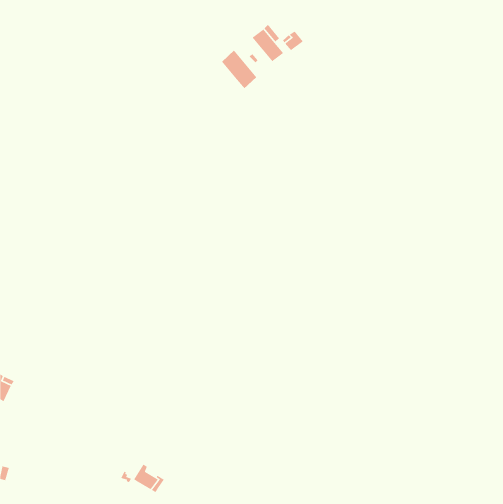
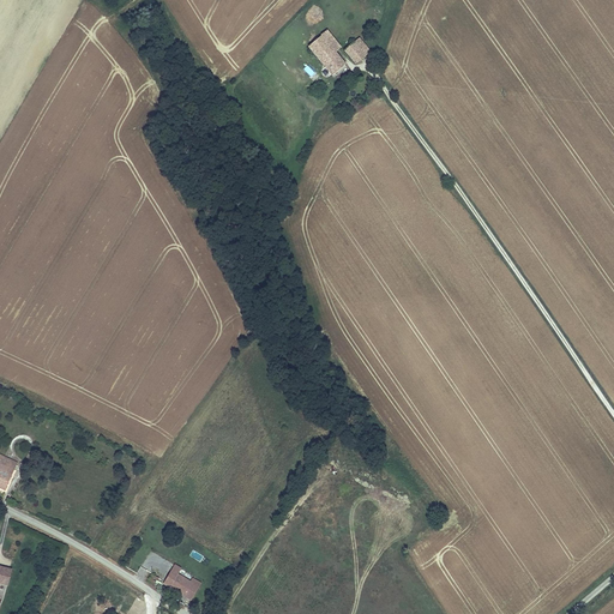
building: [221,50,257,89] -> none

